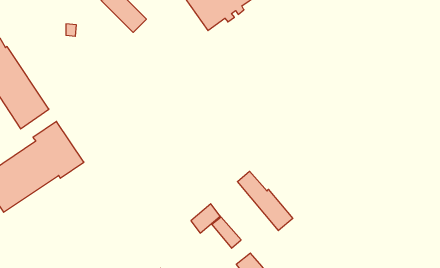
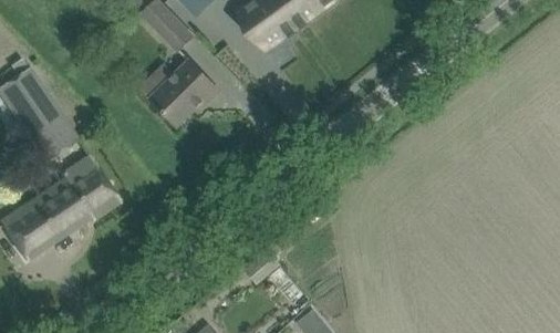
building: none -> [147,58,219,126]
building: [237,171,293,231] -> none

